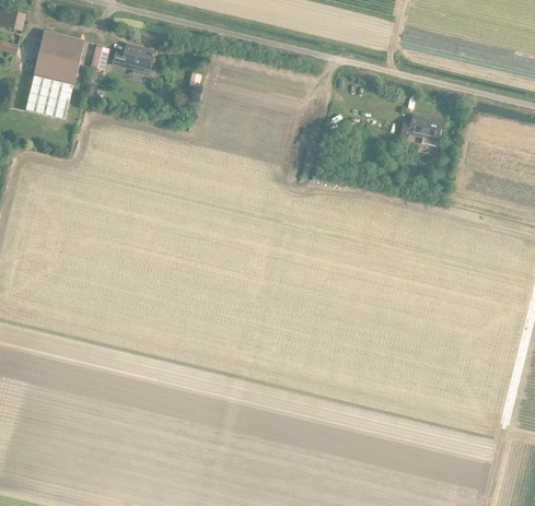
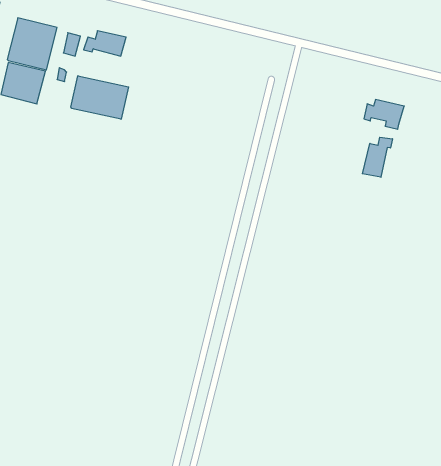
building: none -> [71,76,129,119]
building: none -> [362,137,392,177]

